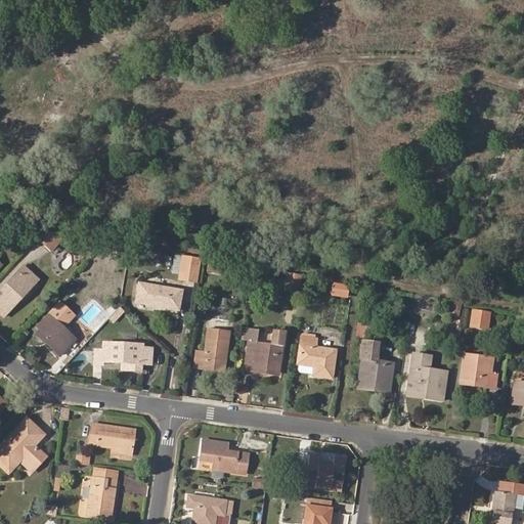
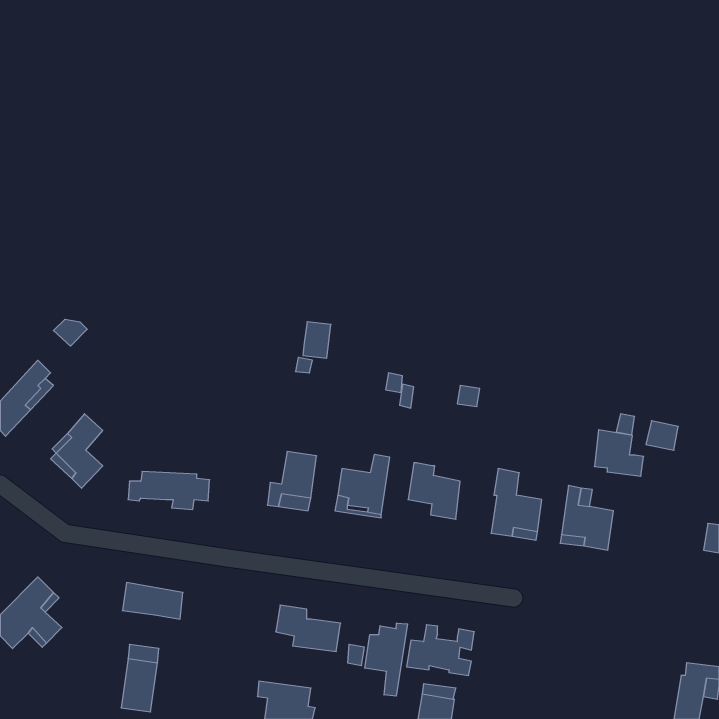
building: [179,256,200,282] -> [303,322,331,358]
building: [136,282,181,310] -> none
building: [462,354,497,388] -> [594,430,644,476]
building: none -> [365,623,408,696]

